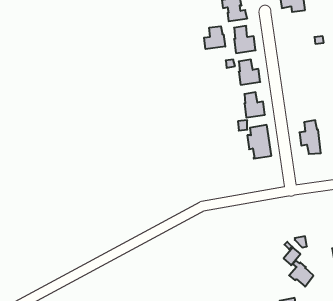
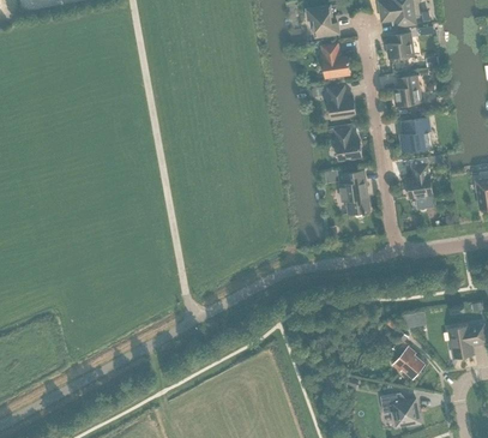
building: none -> [385,32,414,59]
building: [204,26,225,49] -> none
building: none -> [392,76,420,107]
building: none -> [399,116,430,151]

